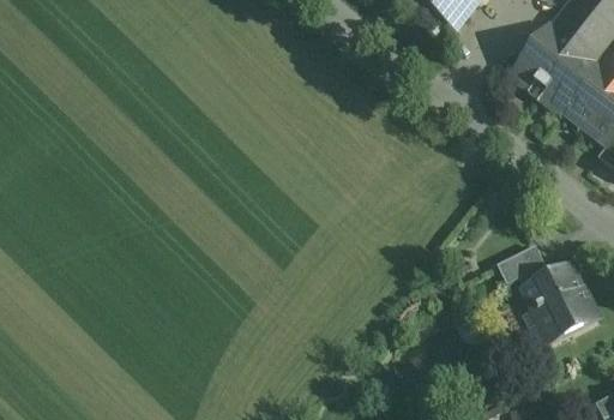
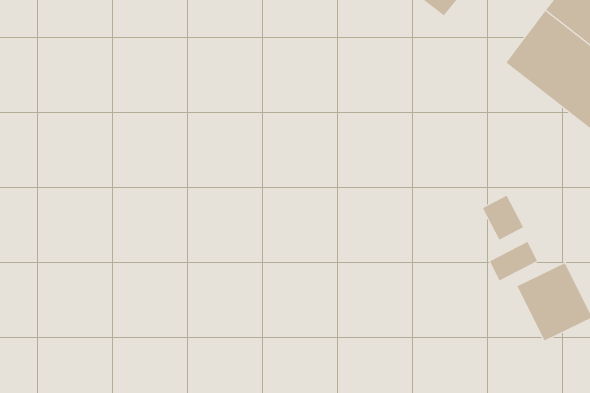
building: none -> [482,195,524,240]

